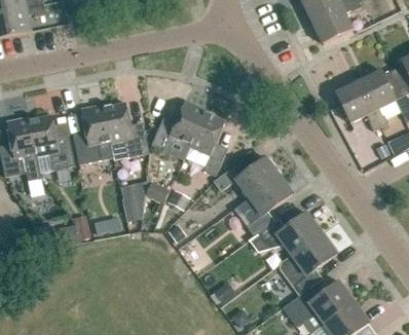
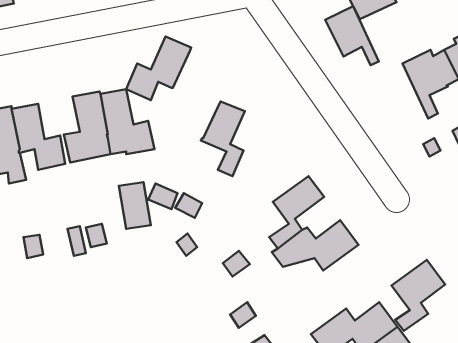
building: [334,80,379,129] -> [325,6,379,65]
building: [151,100,206,153] -> [126,36,191,100]
building: [213,156,278,196] -> none
building: [291,232,336,292] -> [392,260,445,331]

